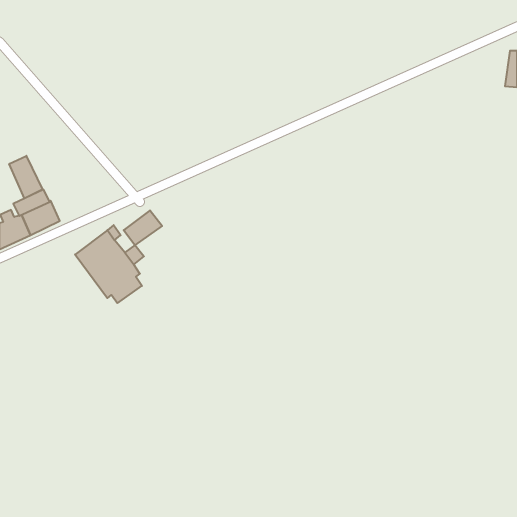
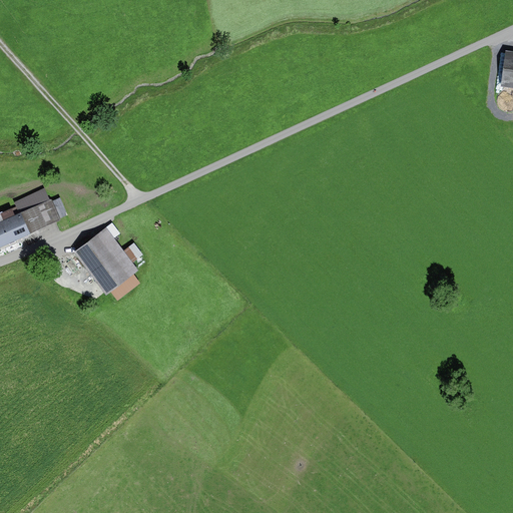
building: [9,156,42,198] -> none
building: [124,210,162,245] -> none

